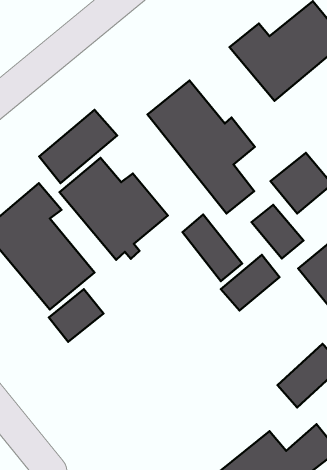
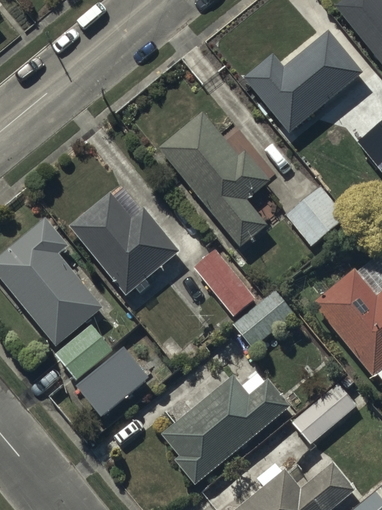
building: [39,110,117,183] -> none
building: [251,205,304,259] -> none
building: none -> [78,347,149,415]
building: none -> [161,373,289,484]

